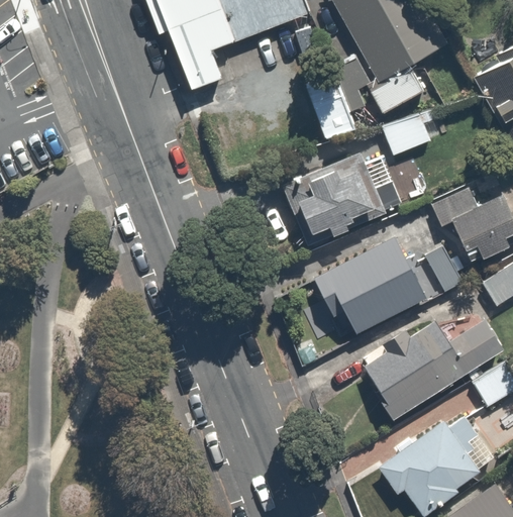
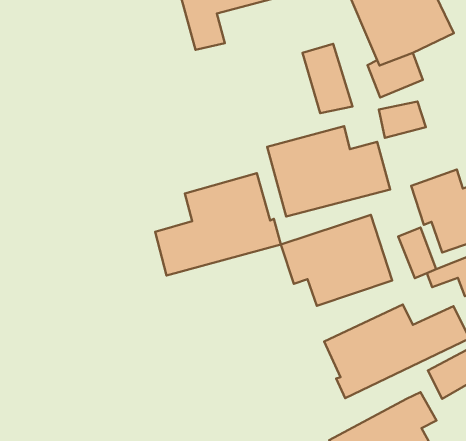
building: none -> [155,173,281,275]

